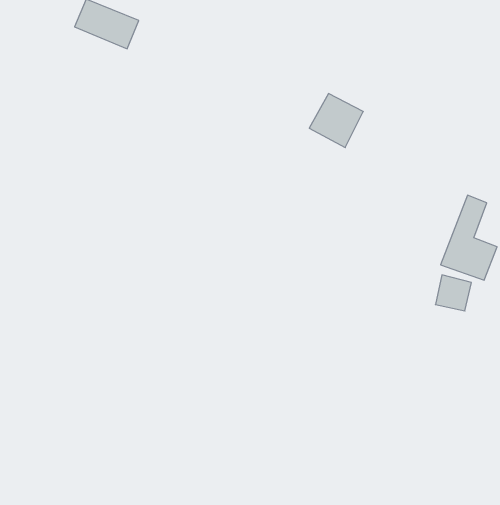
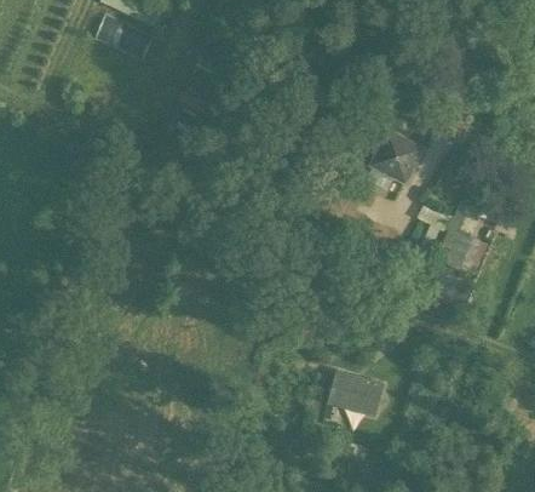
building: [309,94,363,148] -> [369,133,420,184]
building: none -> [328,371,380,413]

